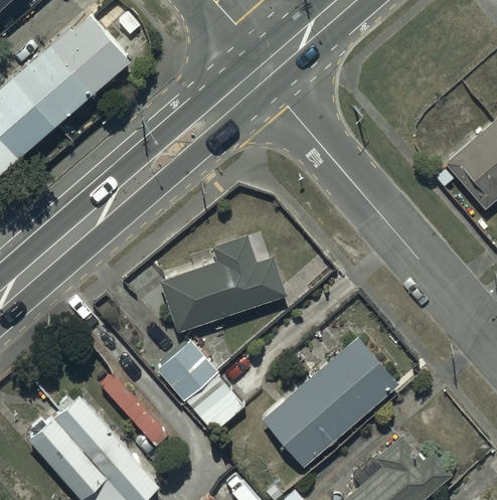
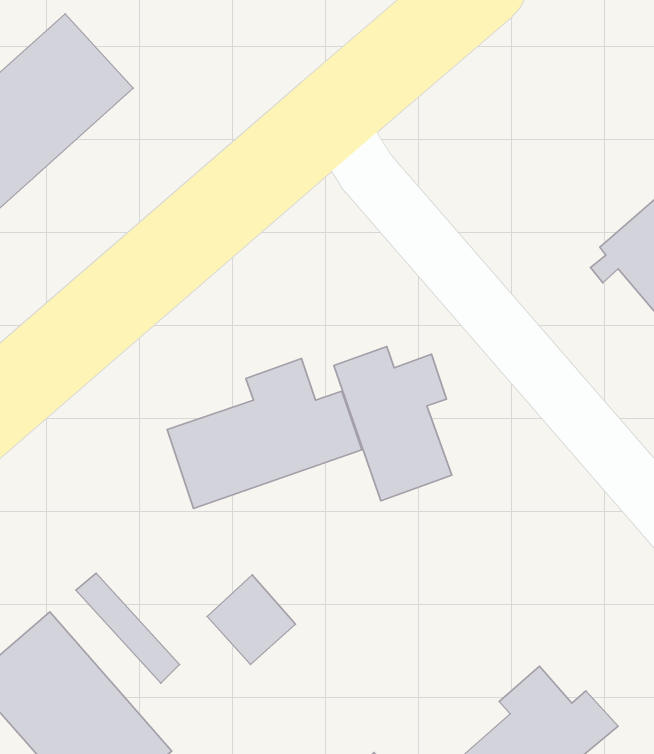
building: none -> [334,347,452,501]
building: [262,336,398,468] -> none
building: [157,340,218,402] -> none

